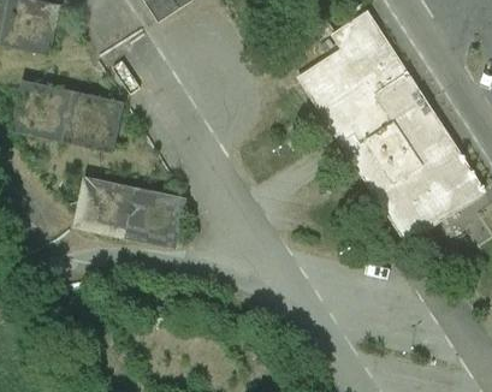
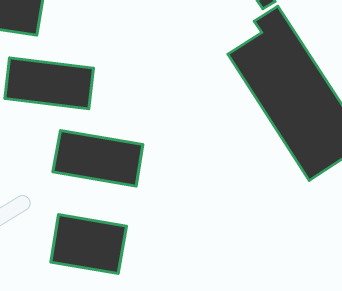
building: none -> [51,214,127,273]

